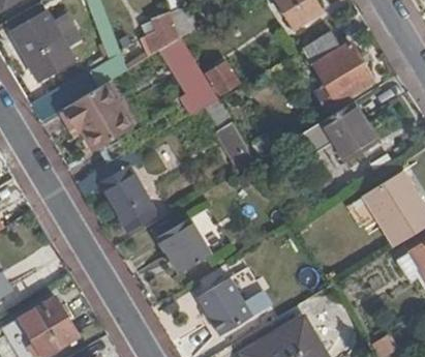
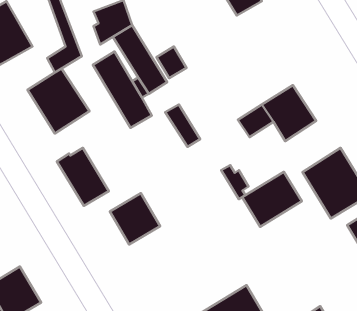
building: [301,28,371,102] -> none
building: none -> [93,52,152,128]
building: none -> [242,172,302,227]
building: [198,278,271,335] -> none

